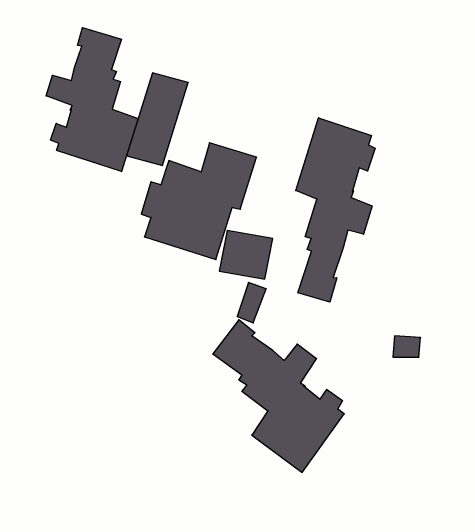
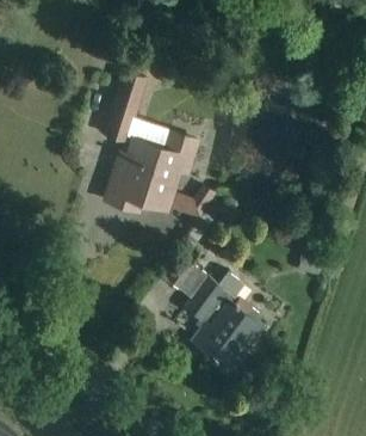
building: [46,28,138,172] -> none
building: [296,118,375,302] -> none

